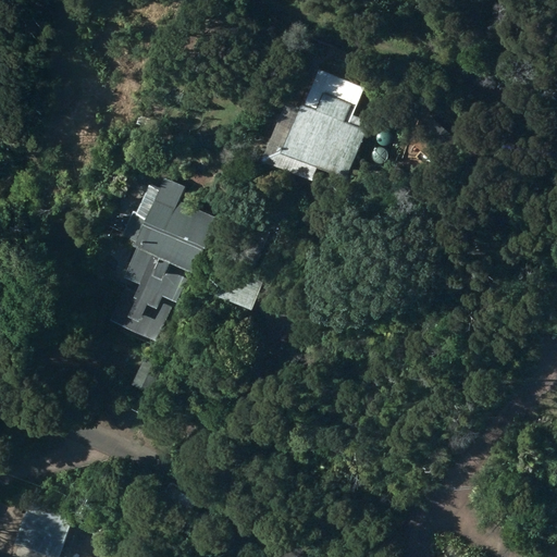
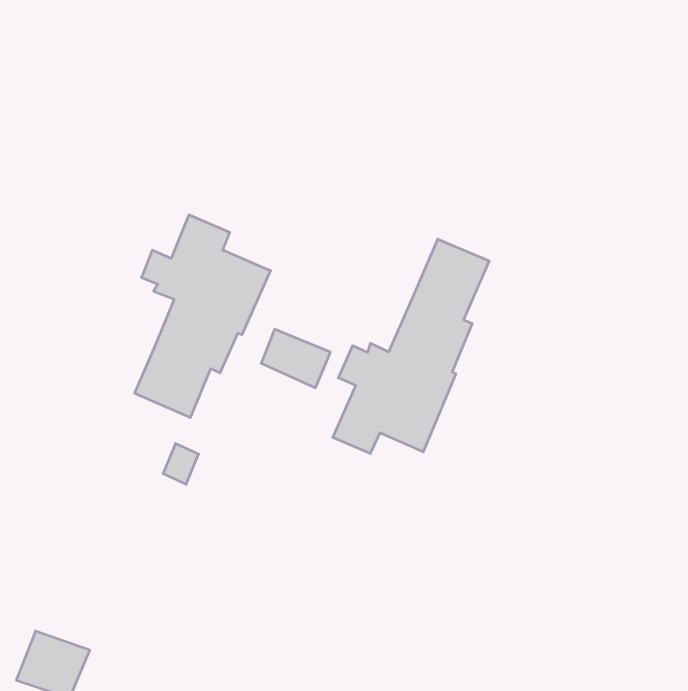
building: [275,96,363,176] -> none
building: none -> [333,239,489,454]

